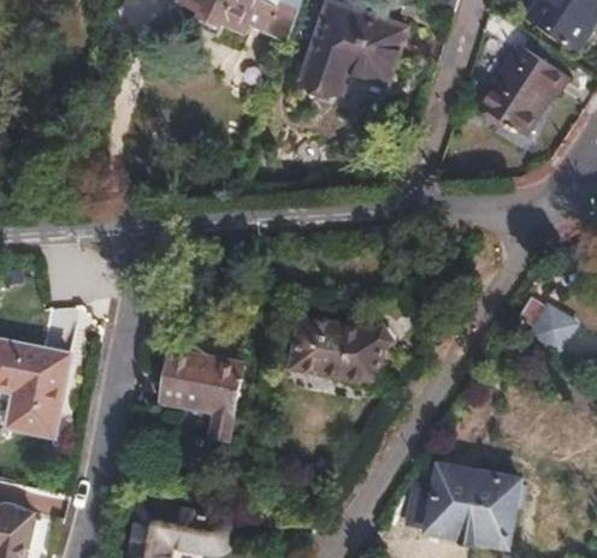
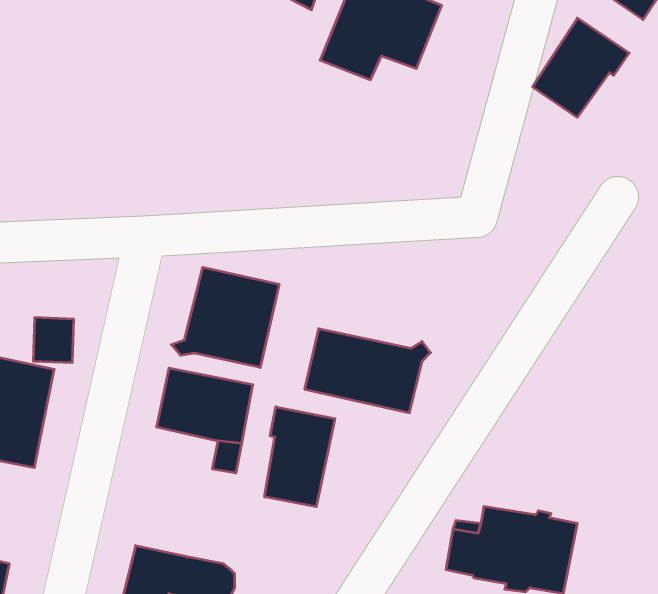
building: none -> [171,267,279,368]
building: [533,303,579,349] -> none
building: none -> [265,407,335,507]

